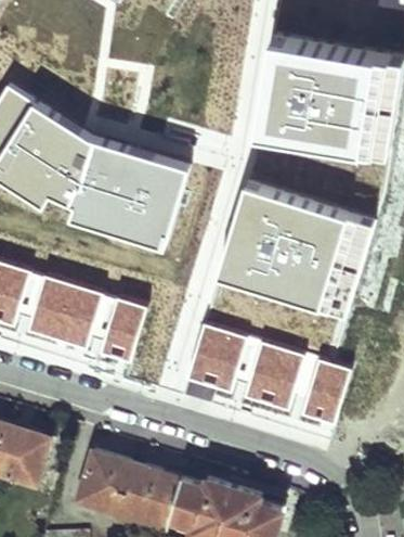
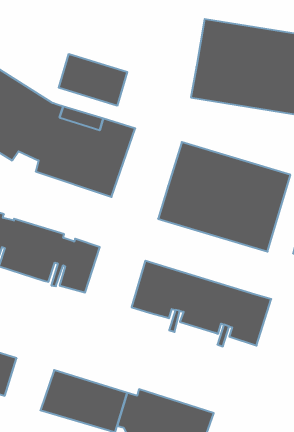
building: none -> [59,54,127,106]

